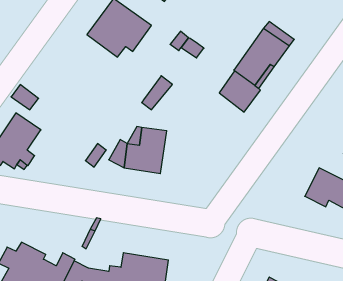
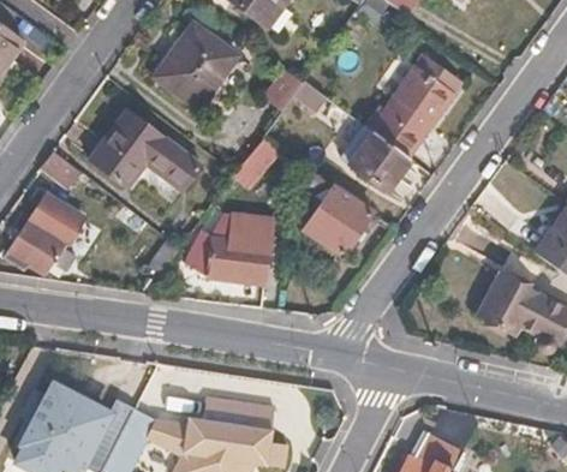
building: none -> [89,110,201,191]
building: none -> [302,185,371,255]

